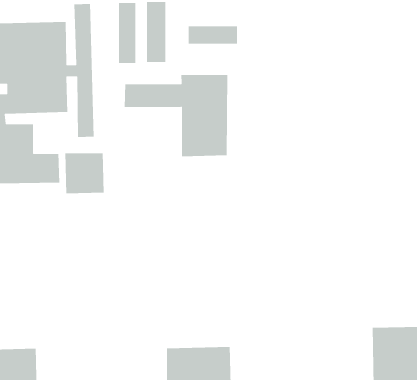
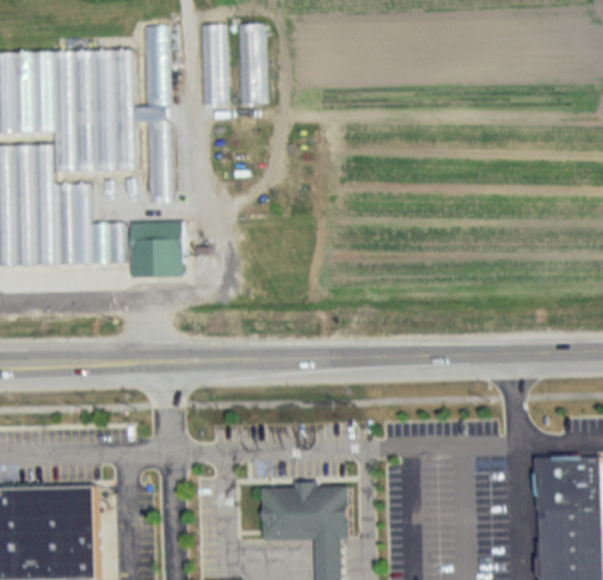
building: [188,26,238,45] -> none
building: [124,74,228,157] -> none

